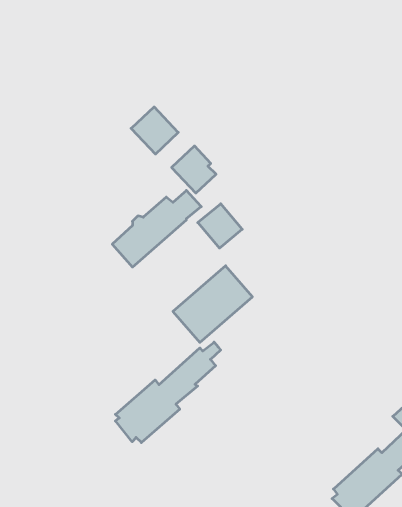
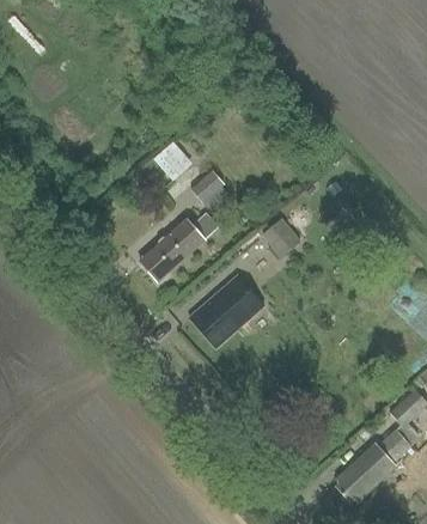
building: [198,204,242,248] -> [262,218,301,257]
building: [115,342,221,443] -> none

